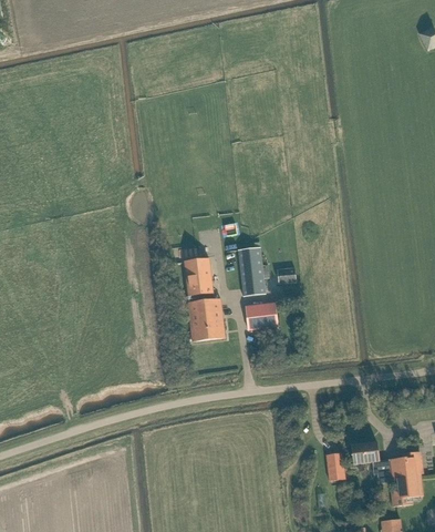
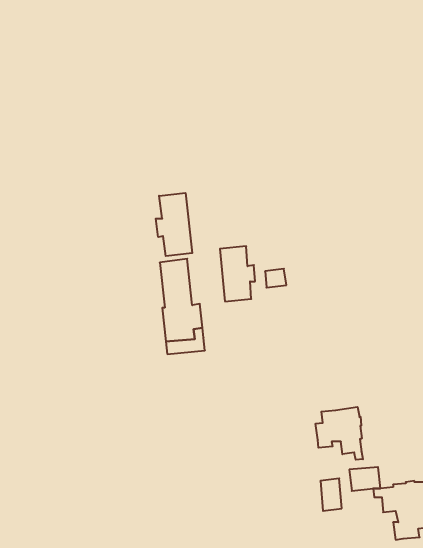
building: none -> [156,193,192,256]
building: [246,303,278,330] -> none
building: none -> [316,407,363,460]

